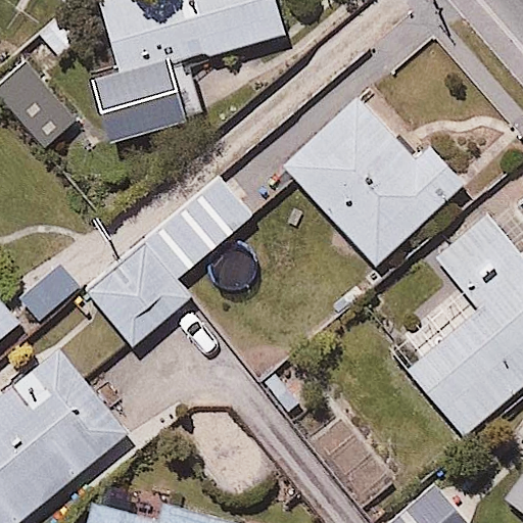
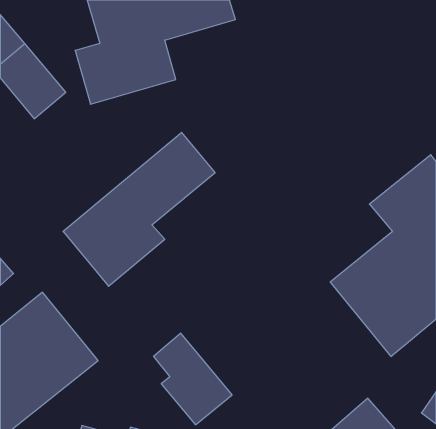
building: [278,93,469,269] -> none

